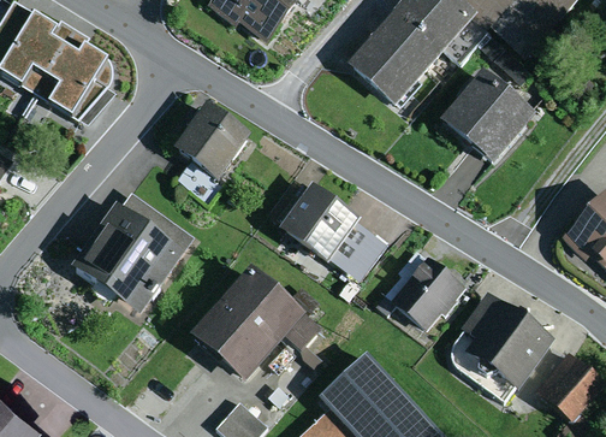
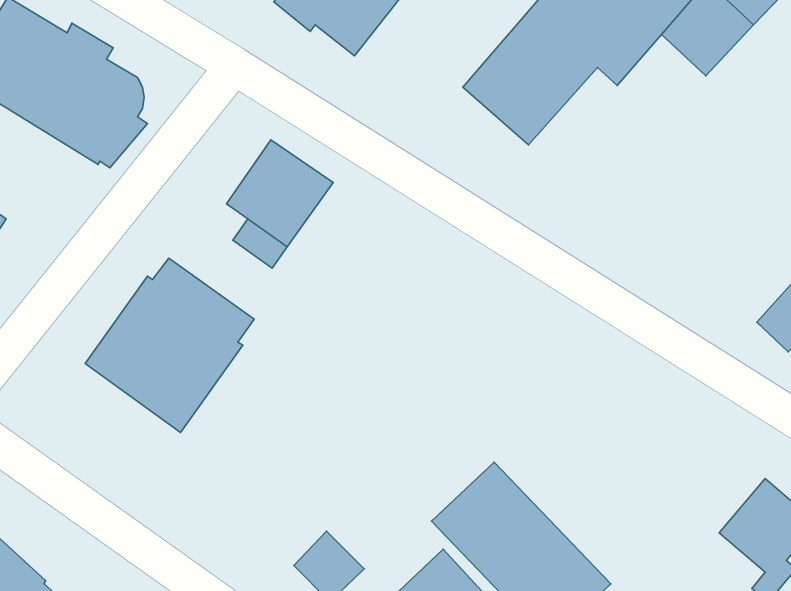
building: [438,70,536,167] -> none
building: [279,184,372,270] -> none
building: [375,246,465,331] -> none
building: [190,267,321,384] -> none
building: [450,289,556,402] -> none

